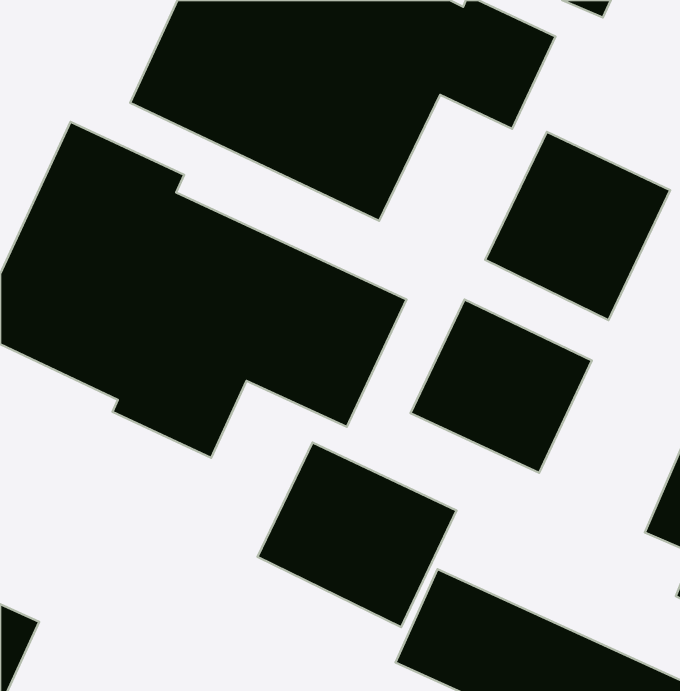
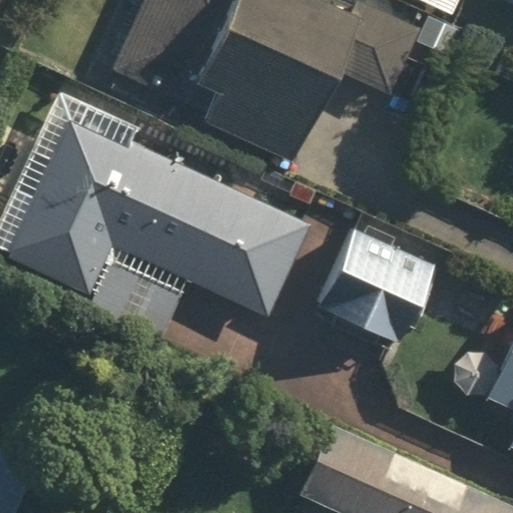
building: [485,132,670,320] -> none
building: [257,442,457,627] -> none

